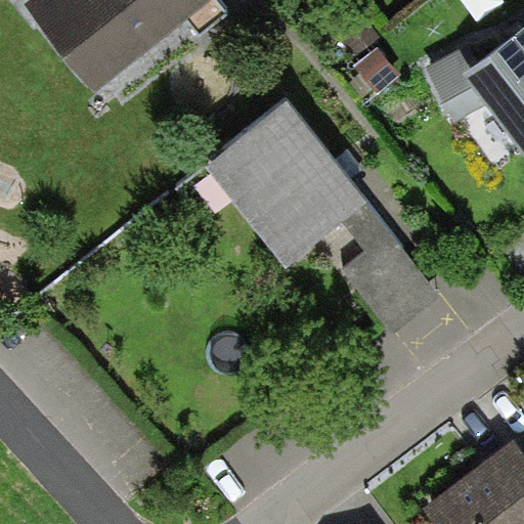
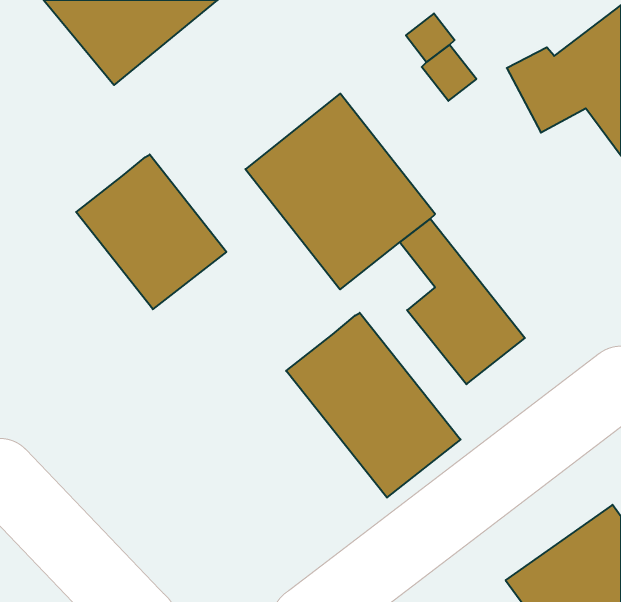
building: none -> [76,154,226,309]
building: none -> [286,313,461,498]

